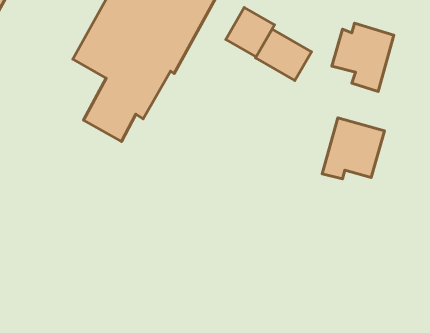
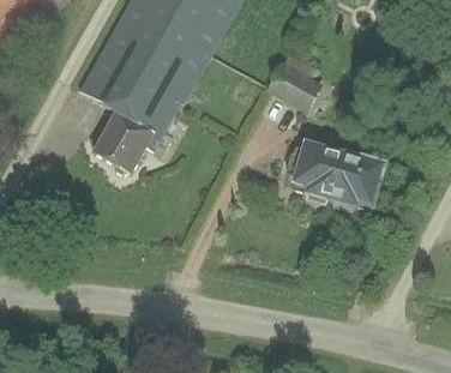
building: [226,8,274,57] -> none
building: [332,23,394,91] -> [284,137,347,205]

